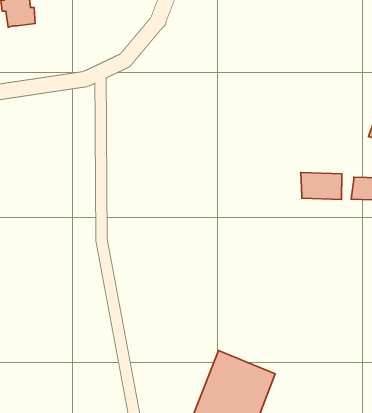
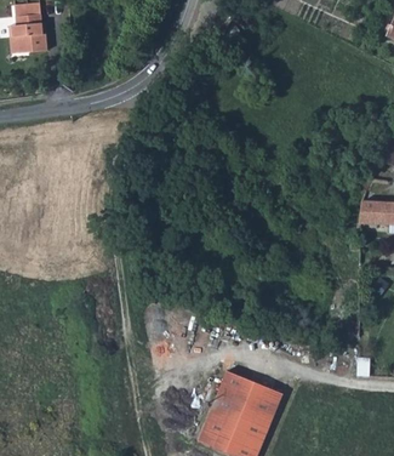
building: [301,173,342,199] -> none

